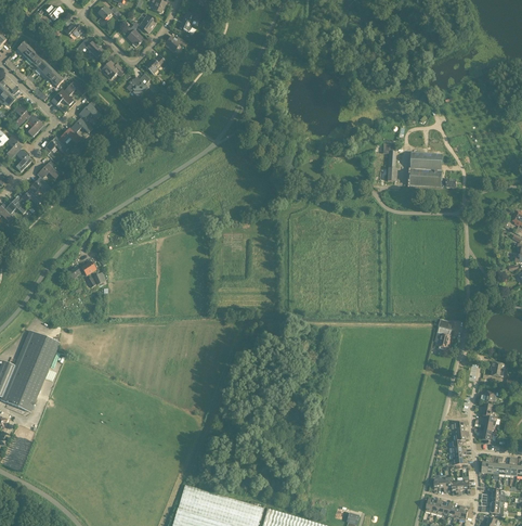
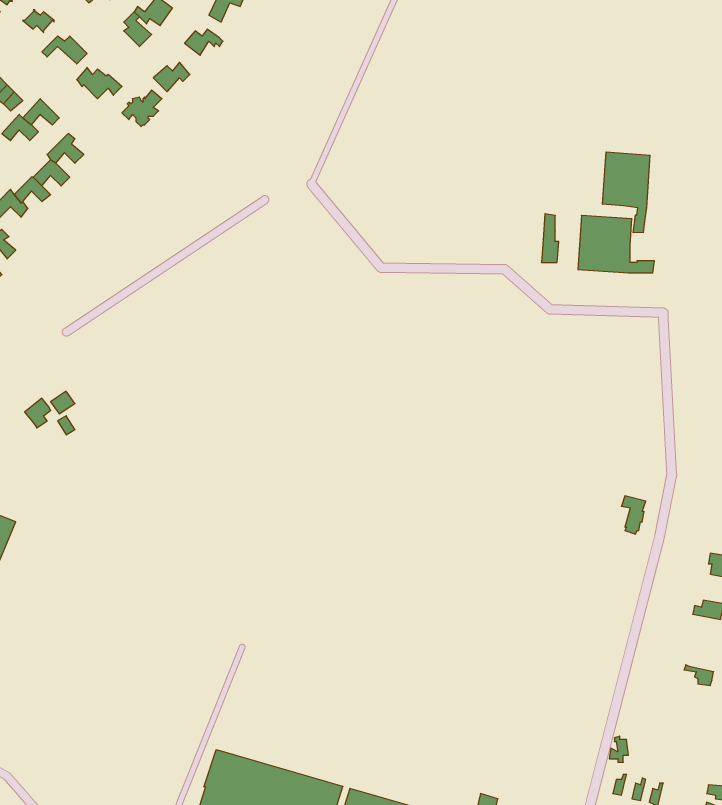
building: none -> [603,152,650,233]

